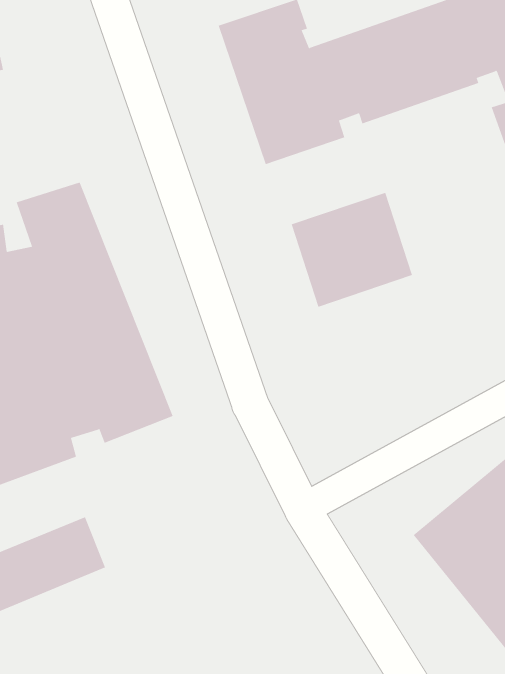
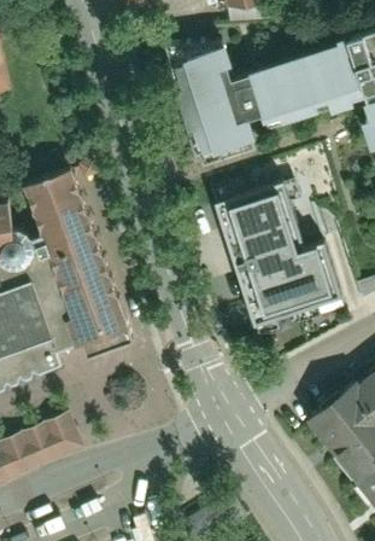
building: none -> [235,240,342,326]

